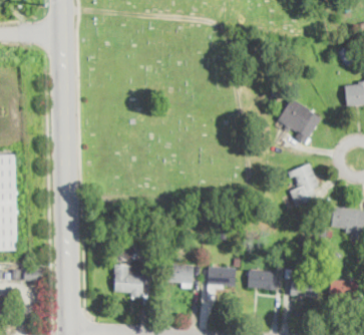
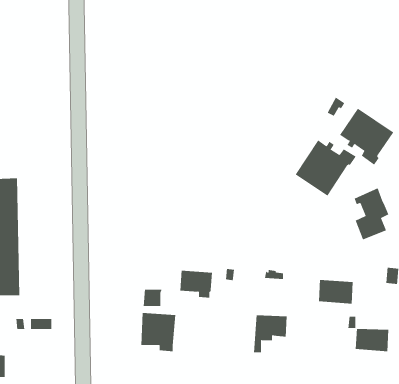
building: none -> [295,139,357,196]
building: [166,265,194,288] -> [180,270,213,298]
building: [248,270,277,290] -> [318,280,354,304]

